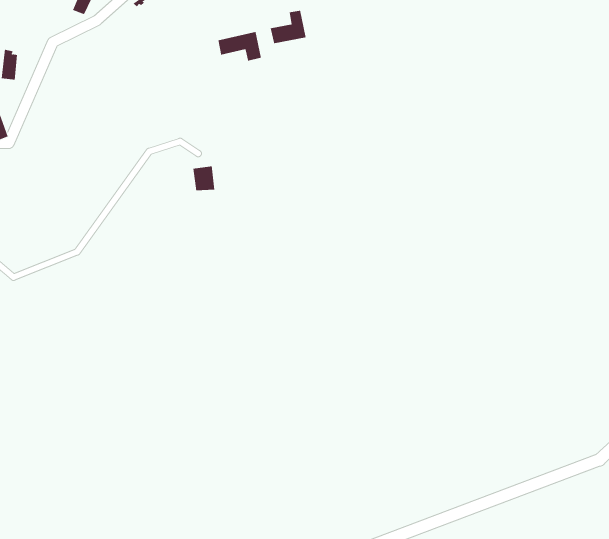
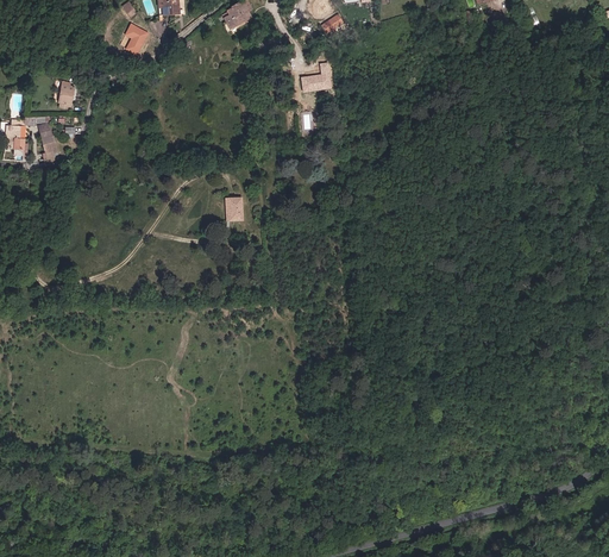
building: [218,31,261,61] -> none

